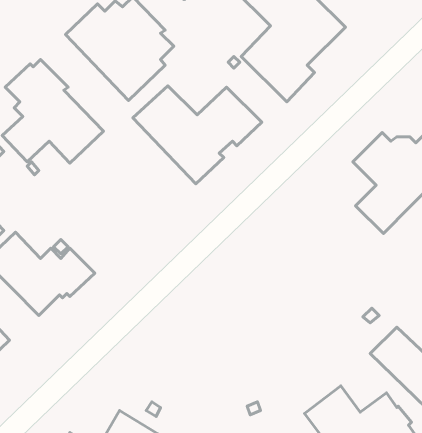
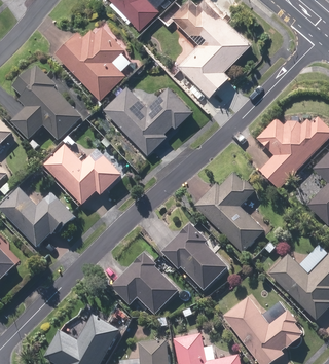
building: none -> [43,145,121,205]
building: none -> [194,174,263,253]
building: none -> [160,225,227,292]
building: none -> [110,253,178,315]

